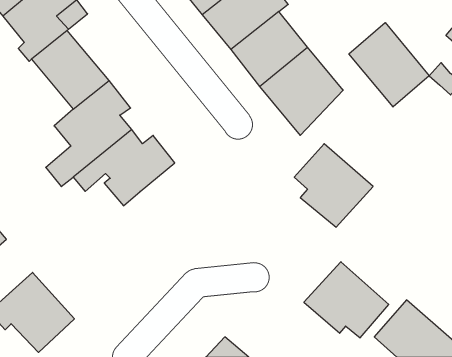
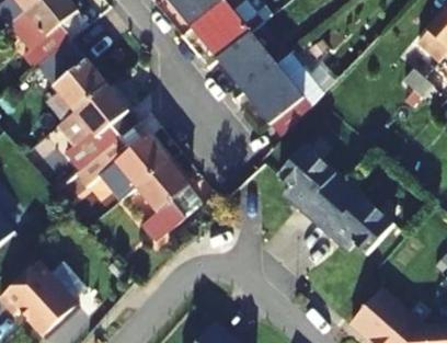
building: [349,23,429,107] -> none
building: none -> [136,161,188,241]
building: [304,262,389,338] -> [316,183,393,253]

